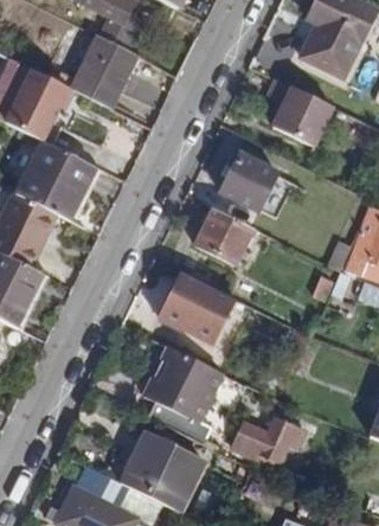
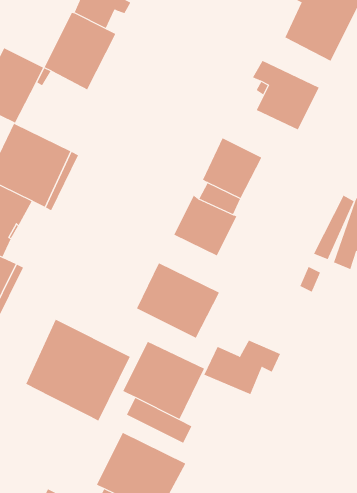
building: none -> [26,319,130,421]
building: [232,416,306,468] -> [203,340,281,395]

